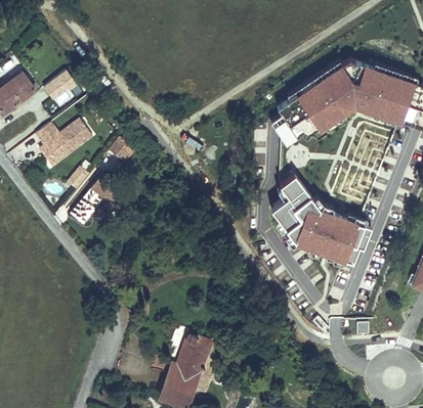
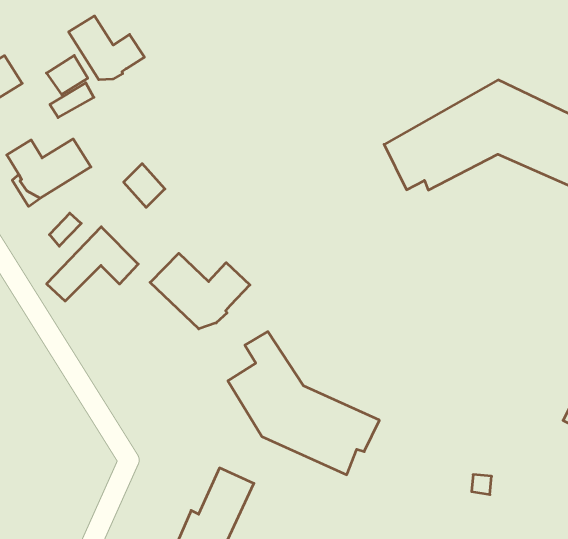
building: none -> [69,16,144,80]
building: [269,177,372,267] -> [228,332,379,475]
building: none -> [150,253,250,329]

